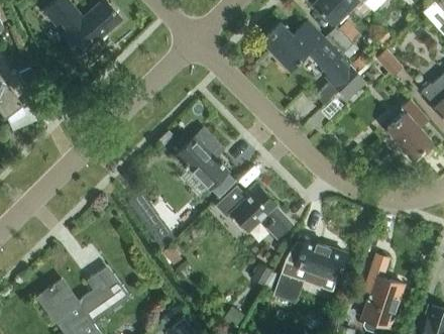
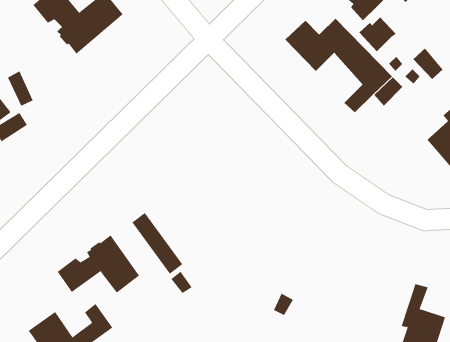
building: [176,127,235,197] -> none
building: [215,186,293,239] -> none
building: none -> [57,235,140,293]
building: [273,240,345,299] -> none

